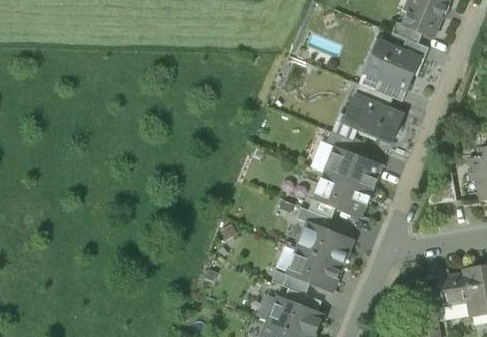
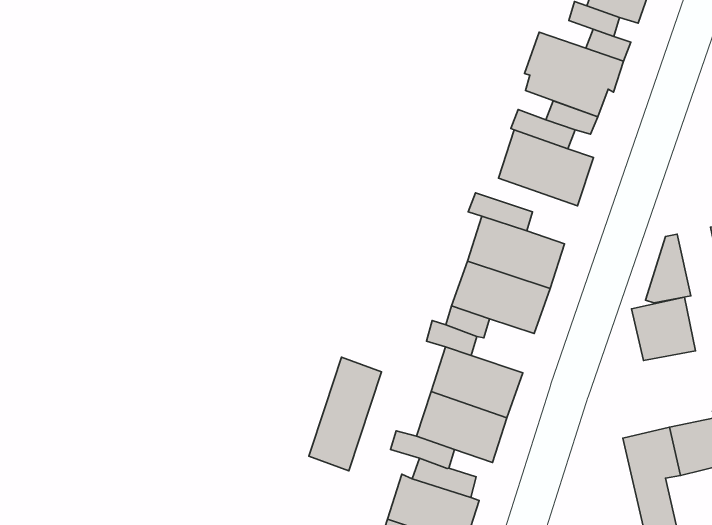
building: none -> [631,297,695,360]
building: none -> [309,357,382,471]

